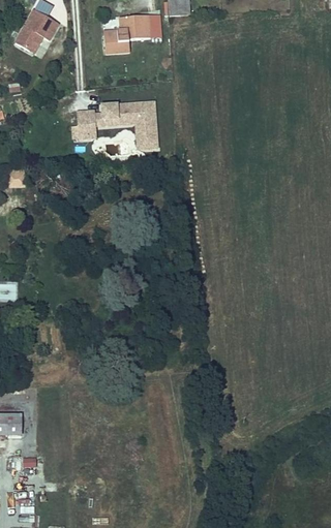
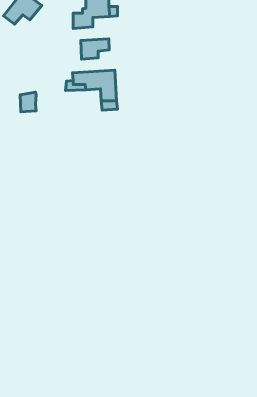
building: none -> [81,39,109,59]
building: [79,114,98,137] -> [20,92,36,112]

